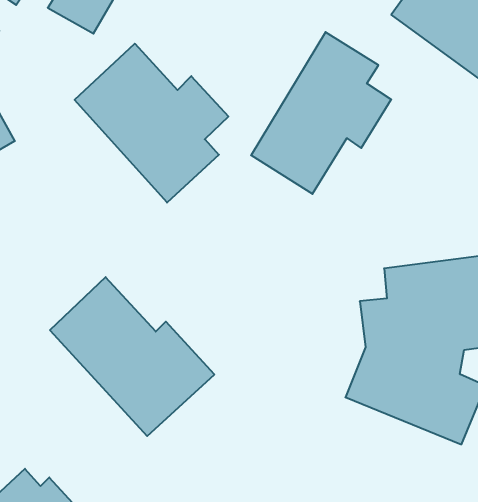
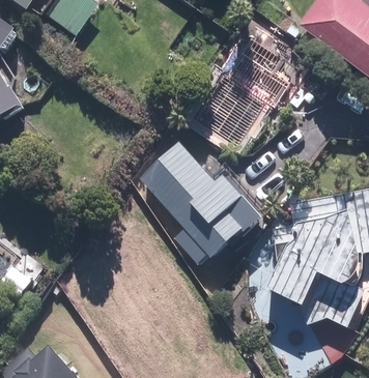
building: [75,44,228,203] -> none
building: [50,277,214,436] -> [139,144,258,259]

